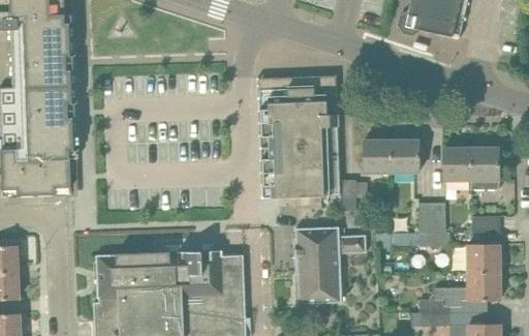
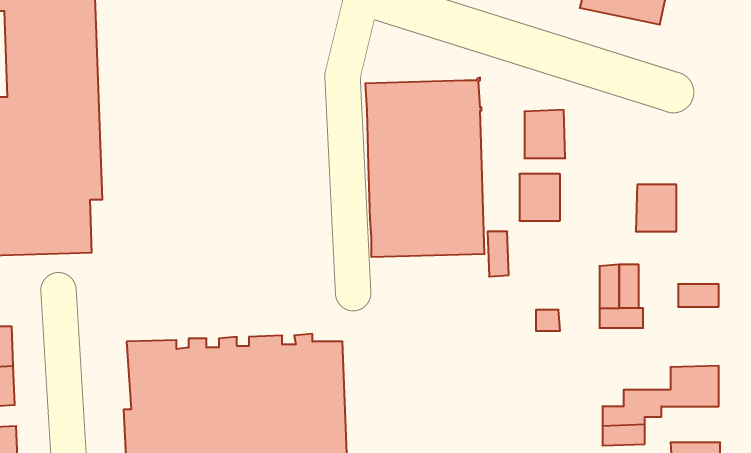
building: [392,140,419,173] -> [524,110,565,158]
building: [471,148,499,190] -> none
building: [294,226,366,304] -> none
building: [467,245,500,273] -> none

